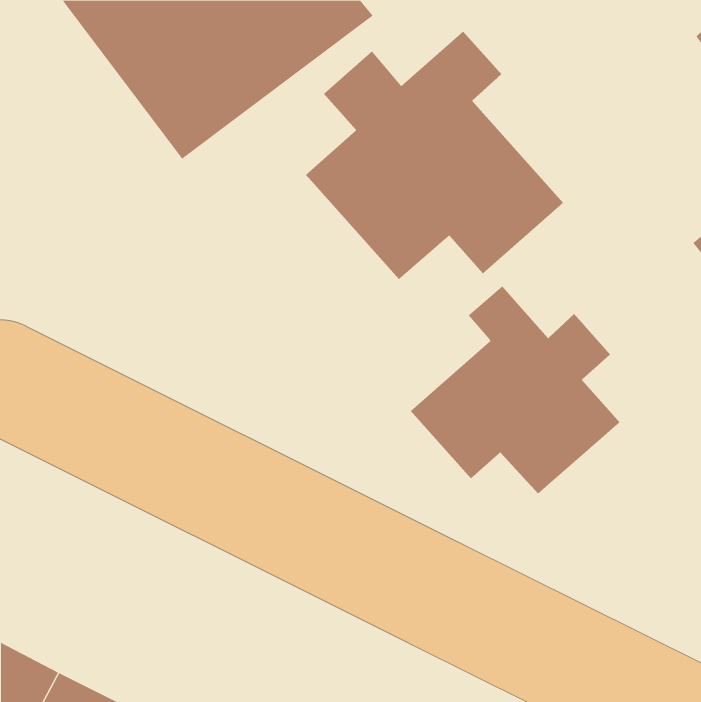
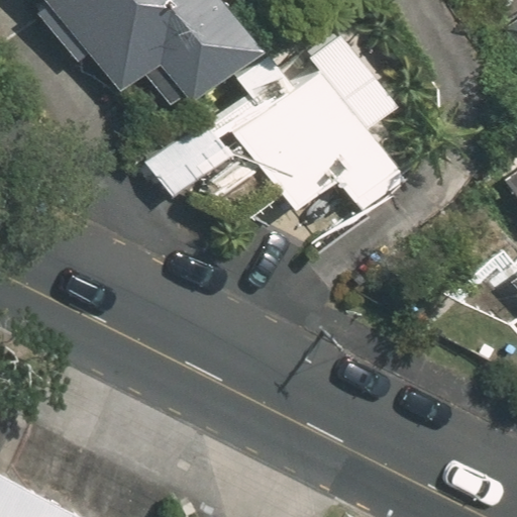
building: [410,285,620,495] -> none

